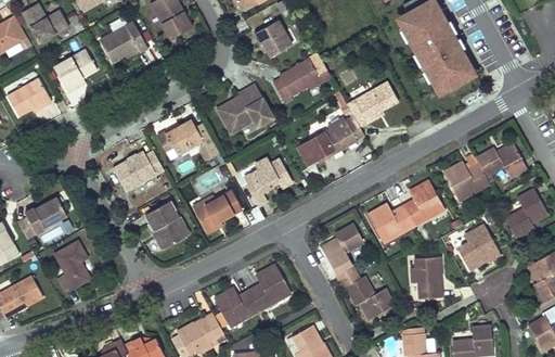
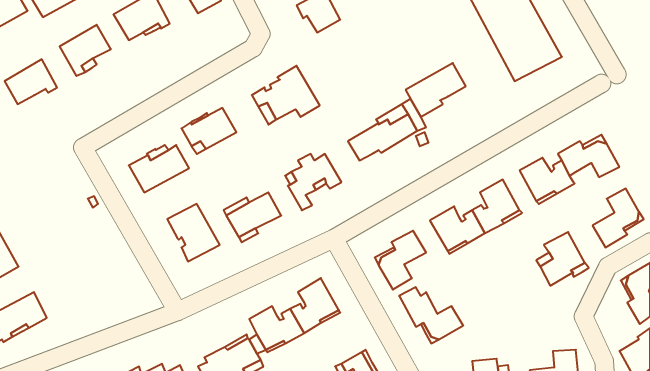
building: [272,53,330,98] -> none
building: [24,197,66,233] -> none
building: [53,241,90,292] -> none
building: [410,256,440,298] -> none

